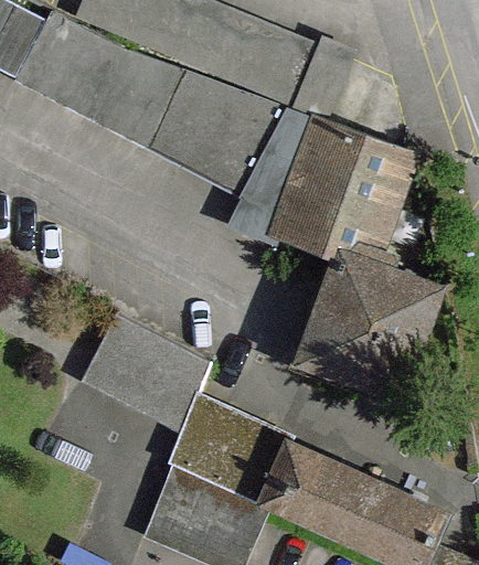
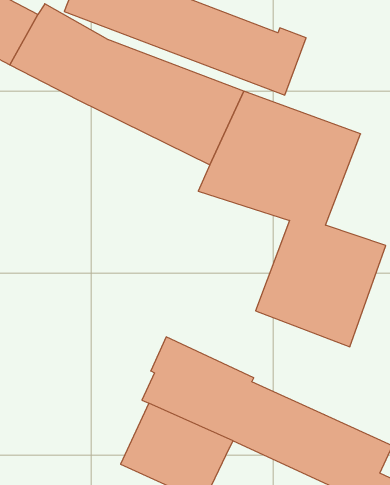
building: [84,316,207,427] -> none

